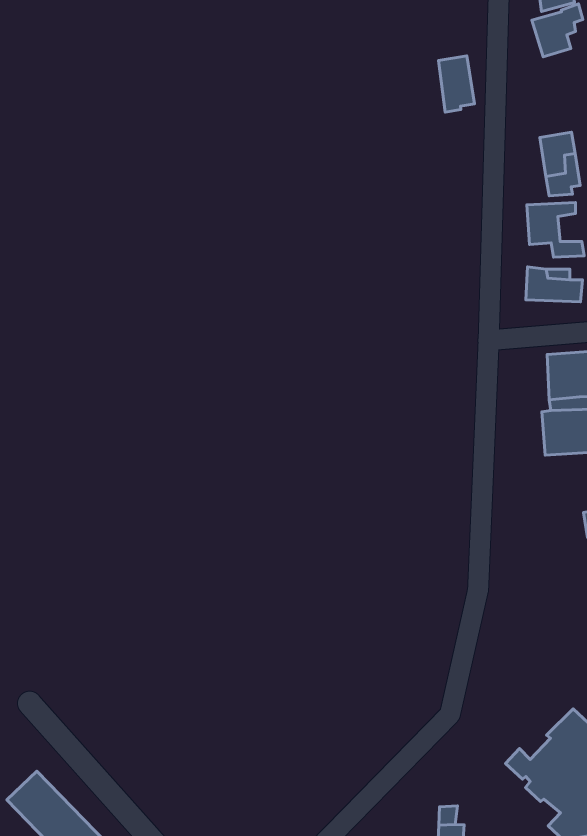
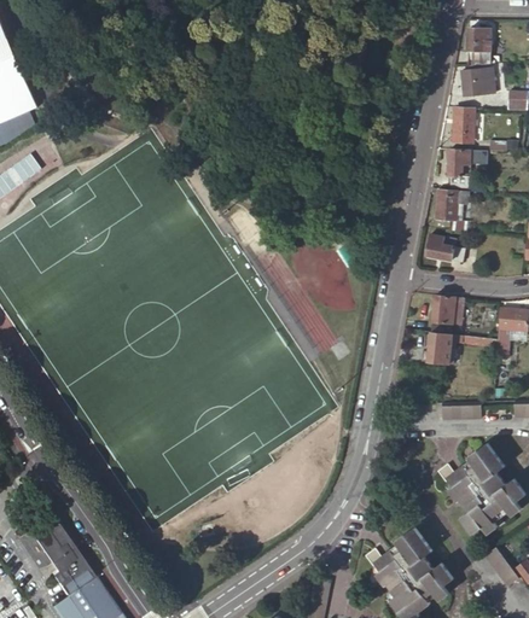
building: [439,56,475,112] -> [453,107,473,142]

